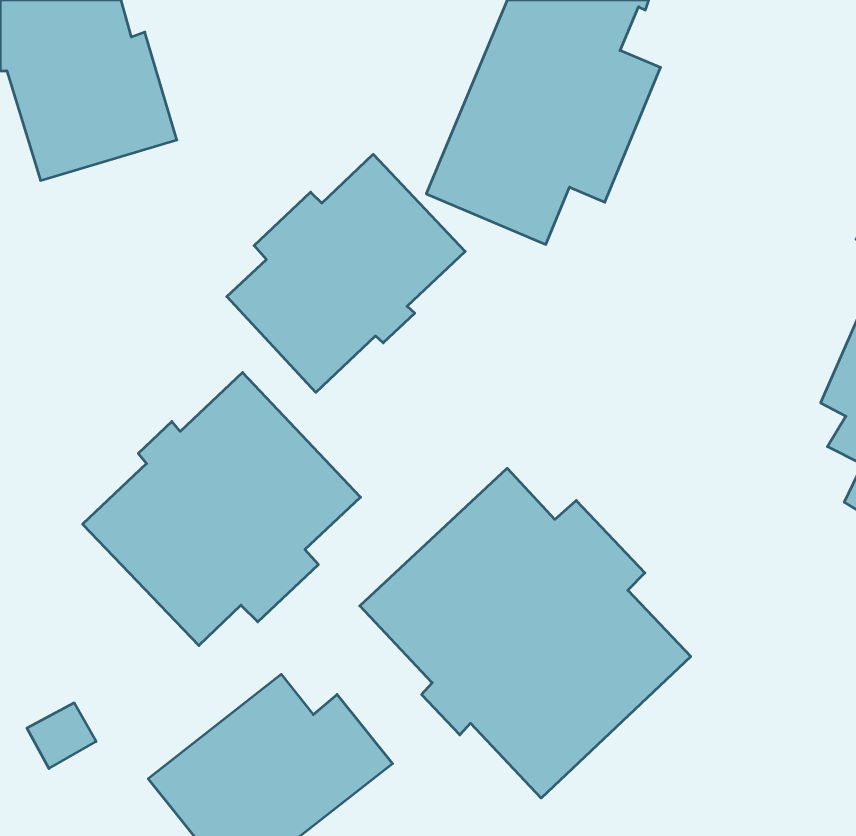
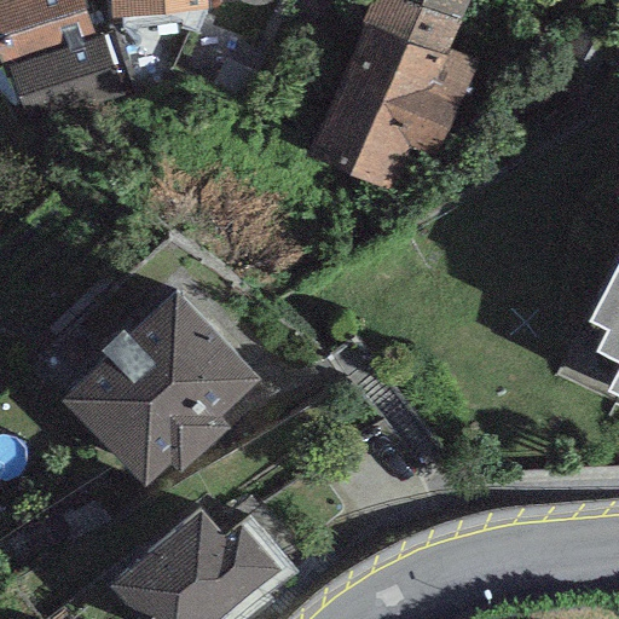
building: [227,154,465,392] -> none
building: [360,468,691,798] -> none

